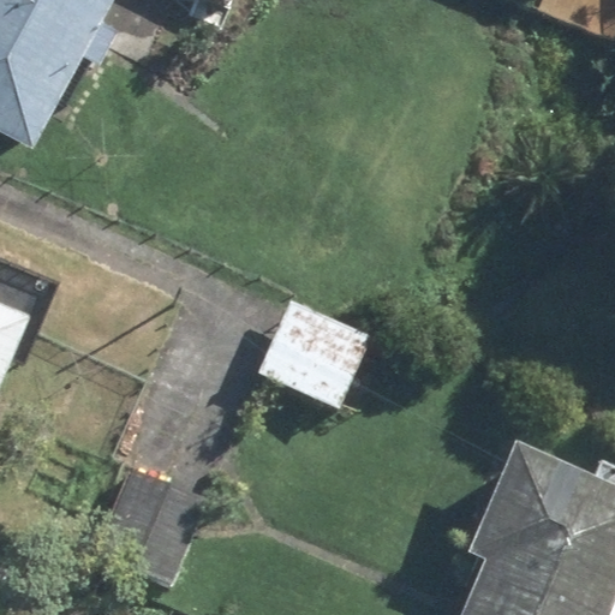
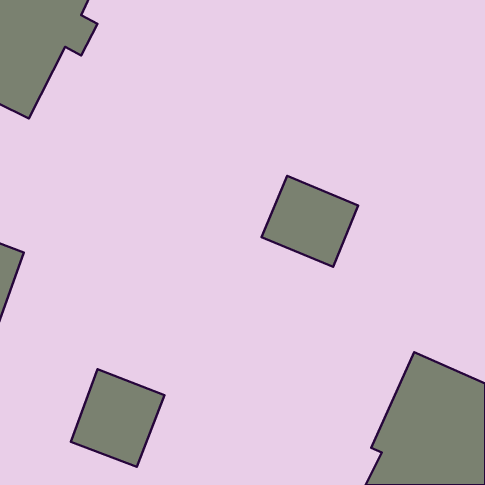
building: [251,298,372,412] -> [261,176,358,267]

